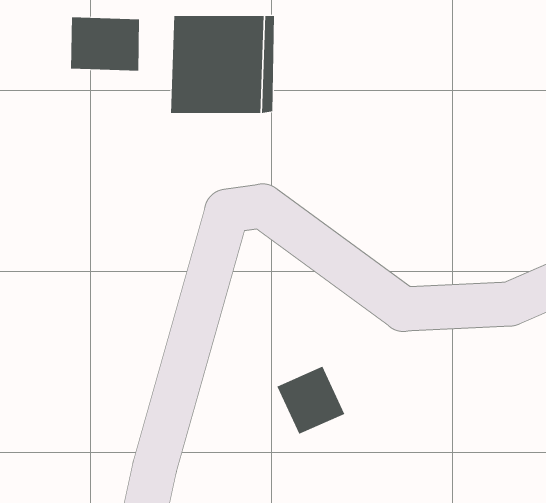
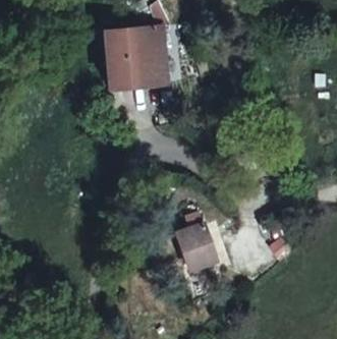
building: [71,16,139,71] -> none

